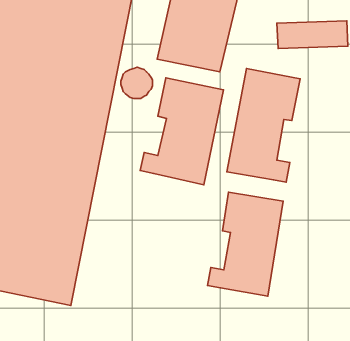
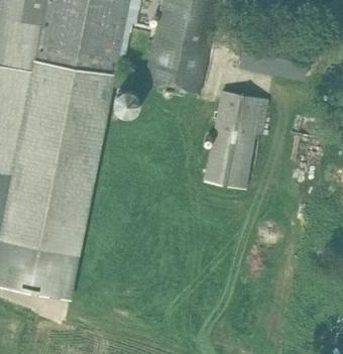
building: [140,78,224,185] -> none
building: [208,192,283,296] -> none

